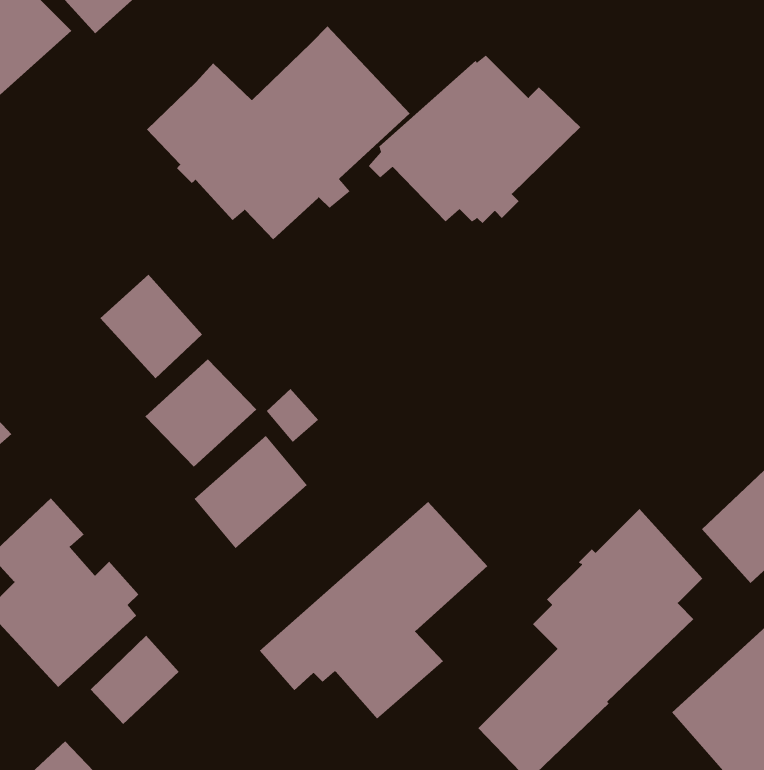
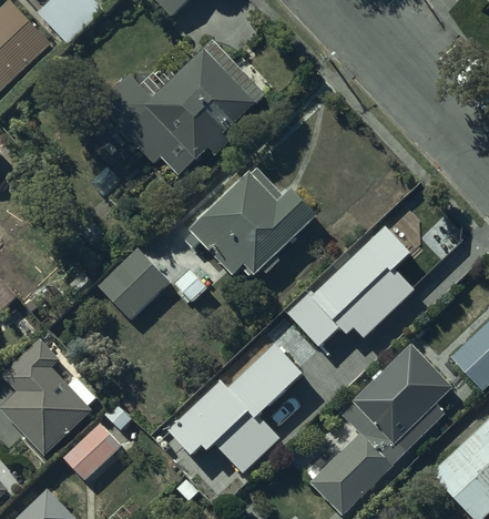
building: [368,55,581,224] -> [183,170,317,276]
building: [100,274,203,379] -> none
building: none -> [293,230,415,345]
building: [194,435,307,549] -> none

